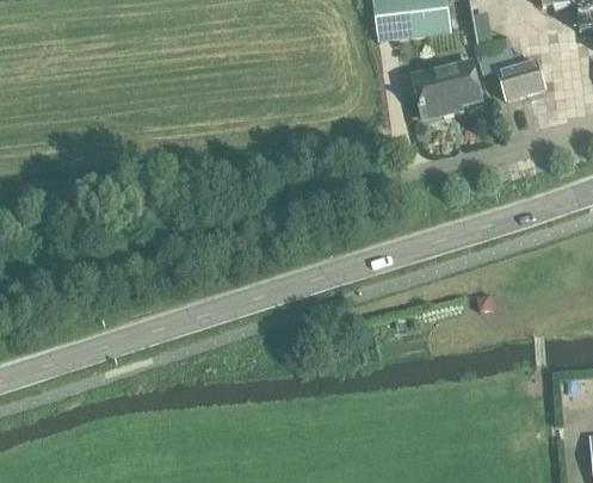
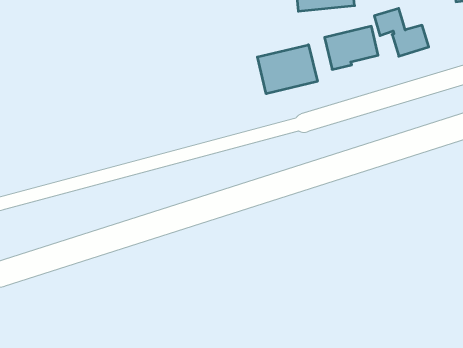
building: none -> [257,45,317,94]

